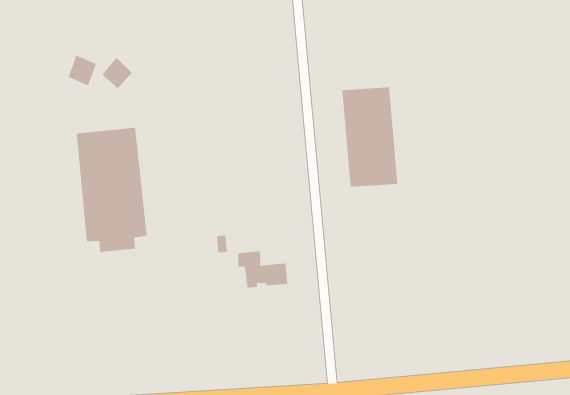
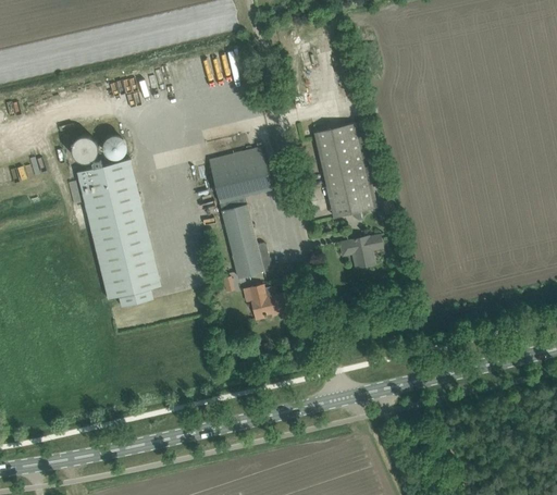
building: none -> [76,160,136,205]
building: none -> [208,147,271,279]
building: none -> [337,235,381,268]

